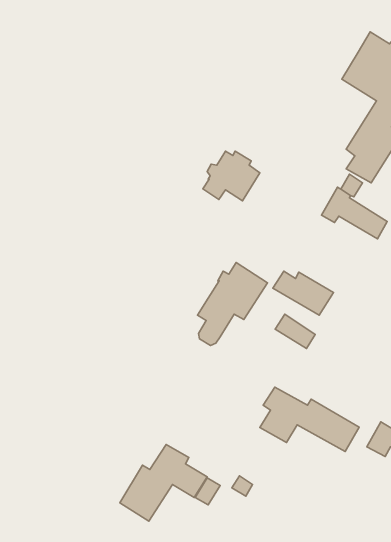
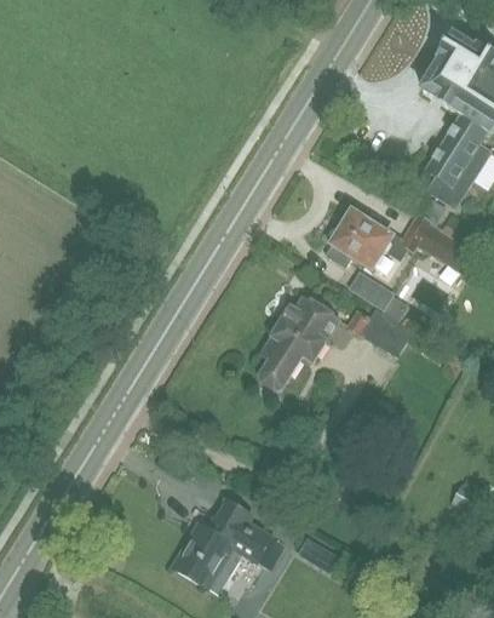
building: [203,151,260,201] -> [326,212,390,268]
building: [275,314,315,349] -> [349,271,394,310]
building: [260,387,359,452] -> none

